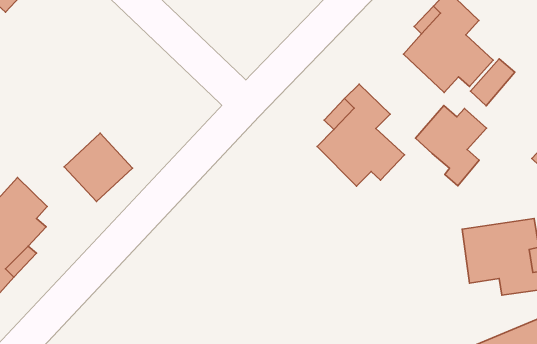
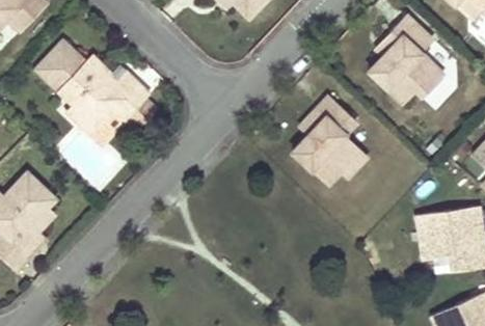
building: none -> [34,40,157,133]
building: [416,105,486,186] -> none

